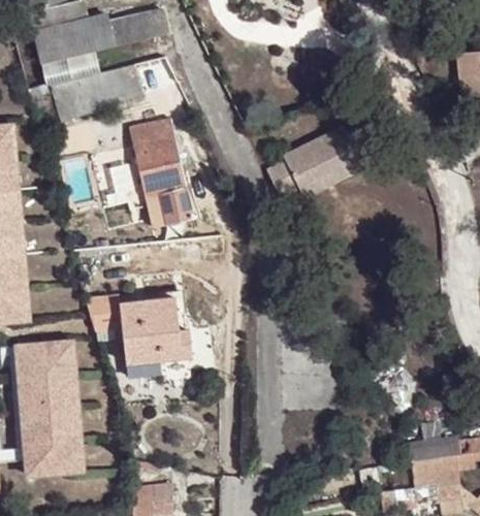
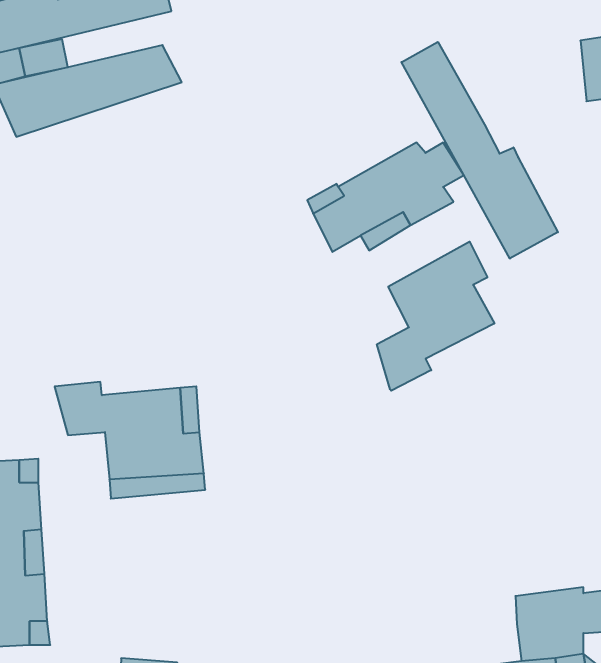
building: none -> [401,42,558,259]
building: [127,120,192,226] -> none
building: none -> [377,242,494,391]

